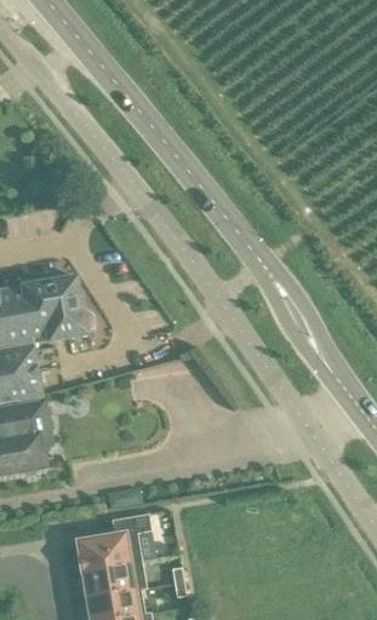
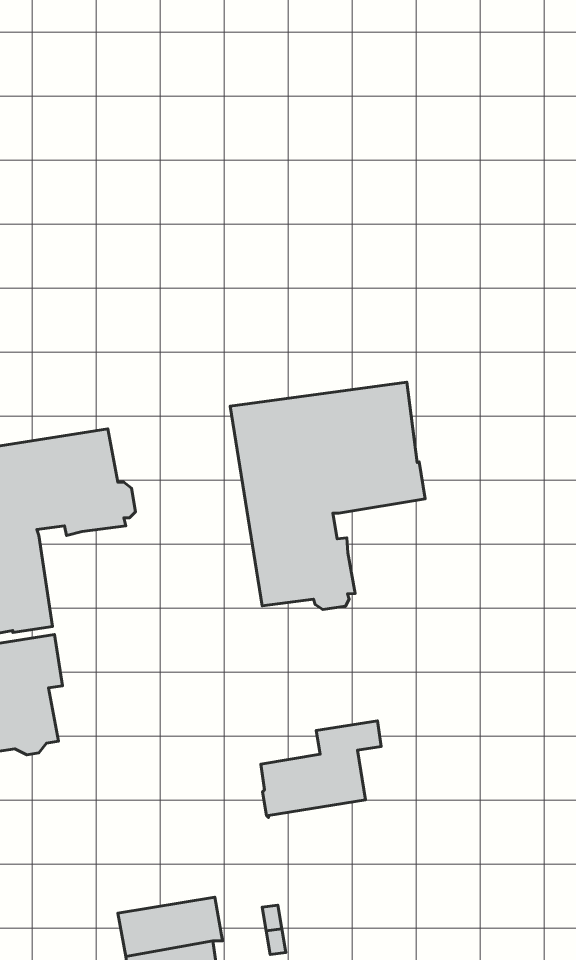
building: none -> [230,382,425,610]
building: [78,515,152,574] -> [261,721,381,818]

